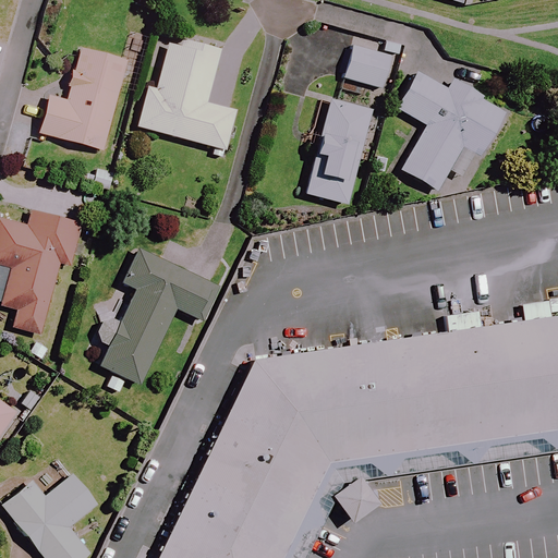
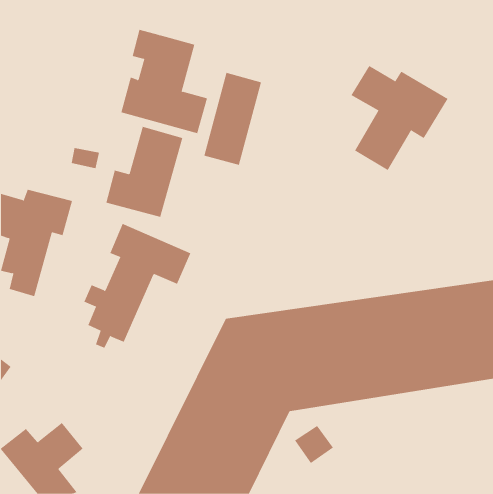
building: [345,46,391,87] -> none
building: [41,47,129,149] -> [105,126,183,217]
building: [306,99,372,204] -> [203,72,262,165]

